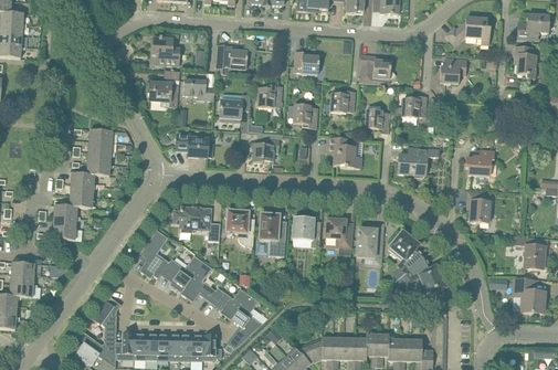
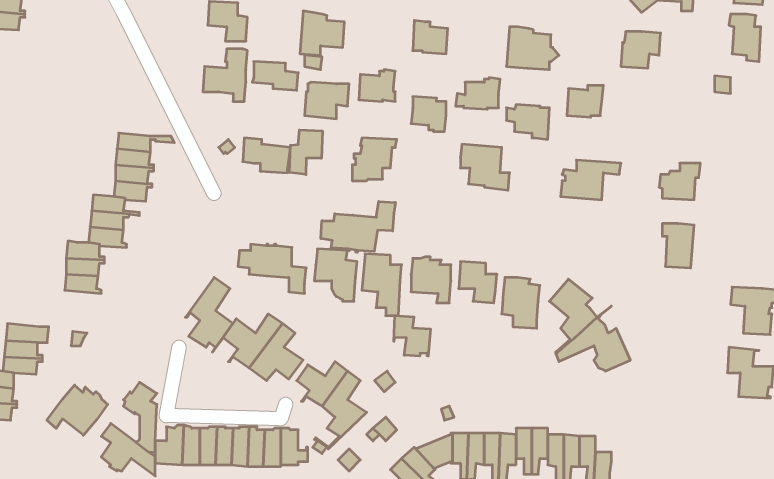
building: none -> [289,130,322,175]
building: none -> [321,201,395,252]
building: none -> [394,316,430,356]
building: none -> [47,385,108,435]

